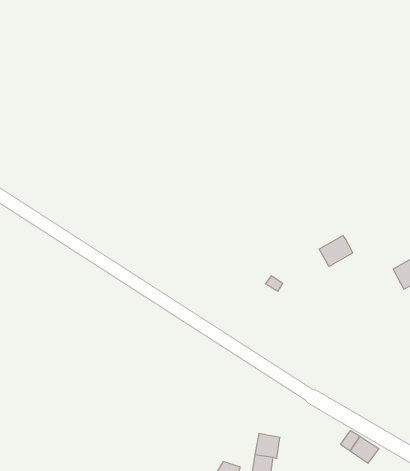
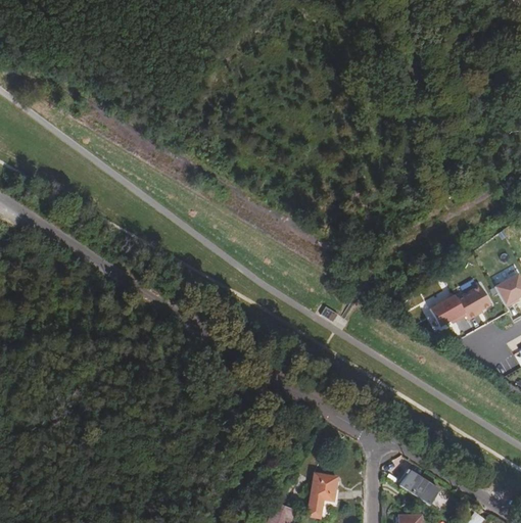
building: [319,236,353,266] -> [428,294,464,327]

